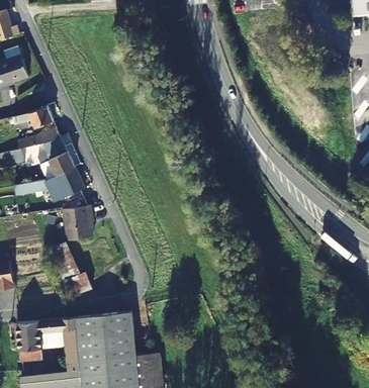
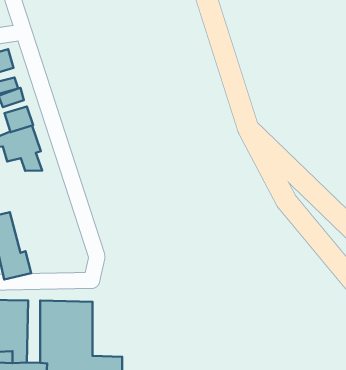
building: [62,204,91,240] -> none

